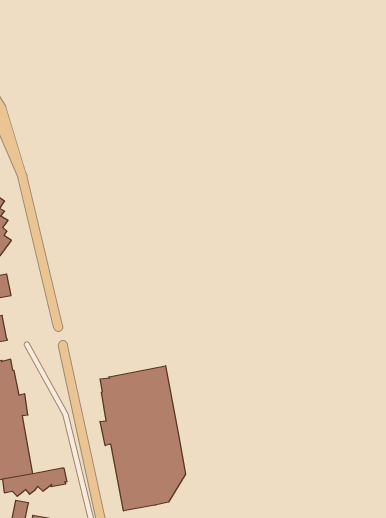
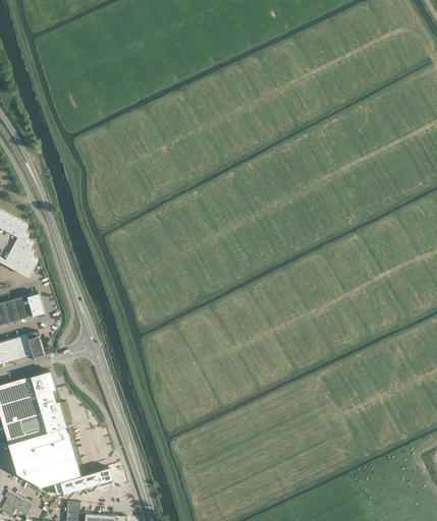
building: [100,366,185,511] -> none

